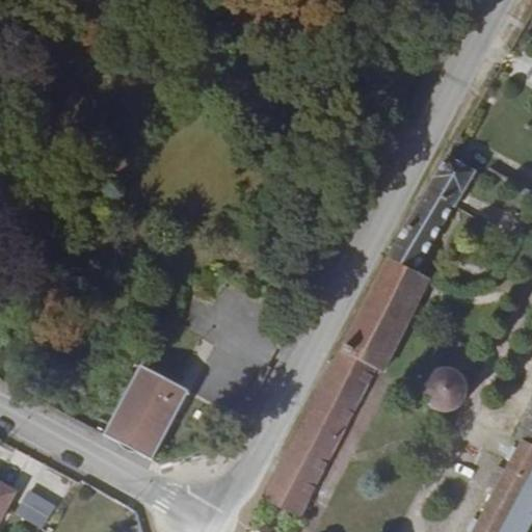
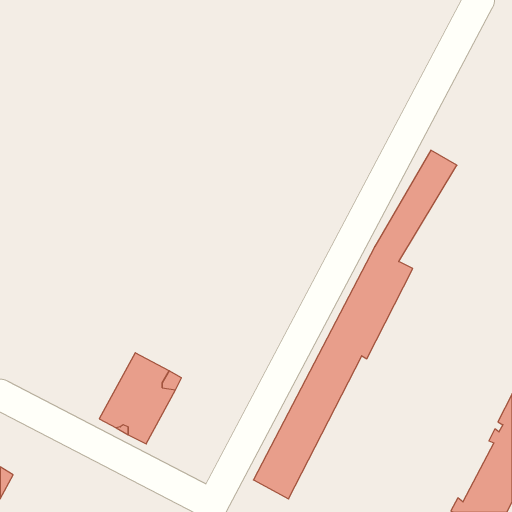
building: [423,368,468,413] -> none
building: [16,490,54,527] -> none

